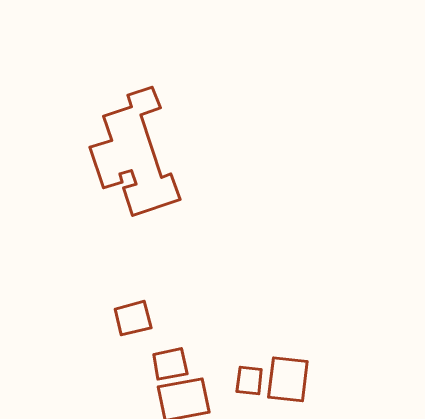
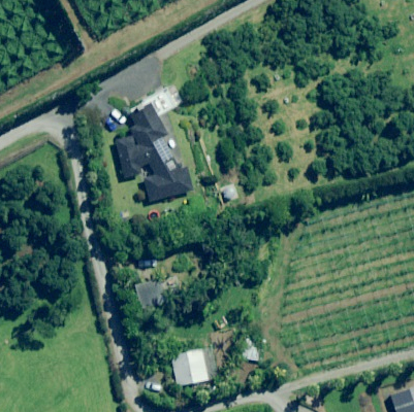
building: [154,349,187,379] -> none
building: [269,358,307,401] -> none

